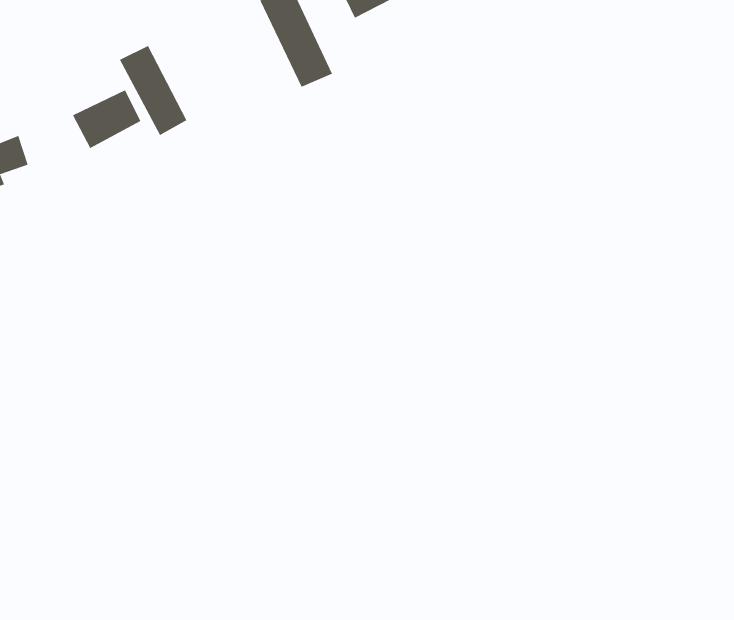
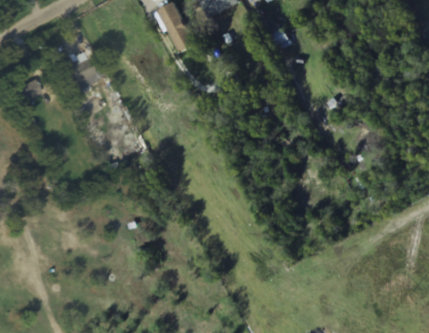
building: [119,45,187,136] -> none

